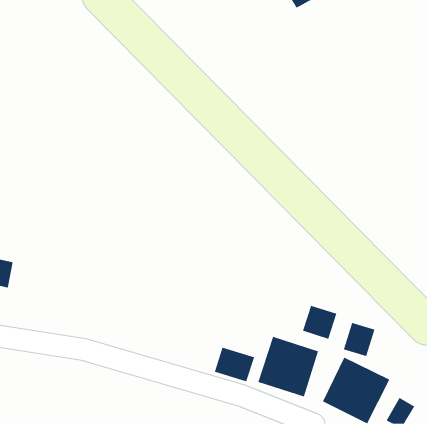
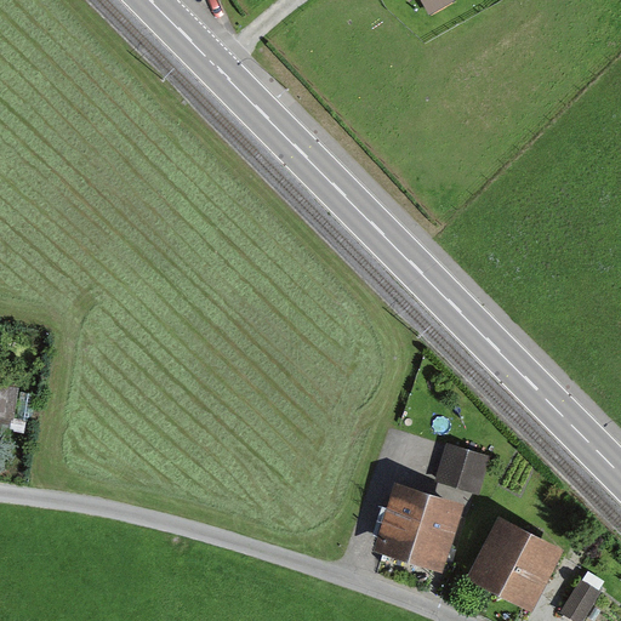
building: [343,322,375,357] -> none
building: [214,347,255,382] -> none

